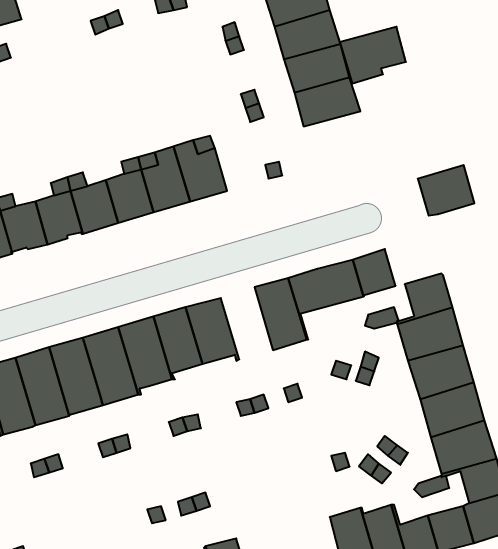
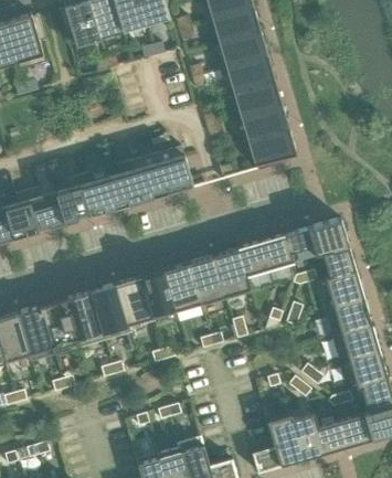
building: [340,27,406,83] -> [247,128,295,169]
building: [418,165,474,216] -> [306,217,347,254]
building: none -> [188,255,225,307]

